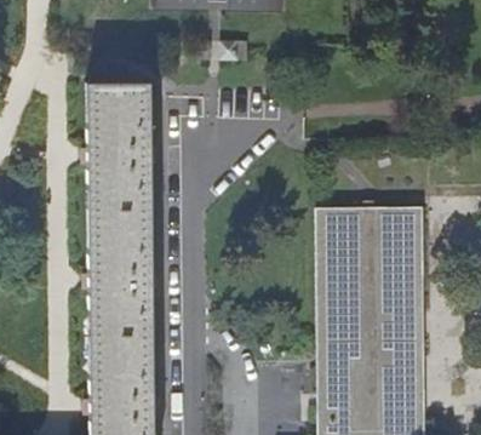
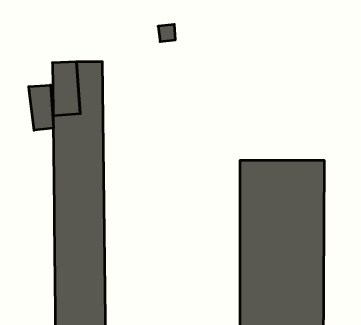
building: none -> [29,85,53,130]

